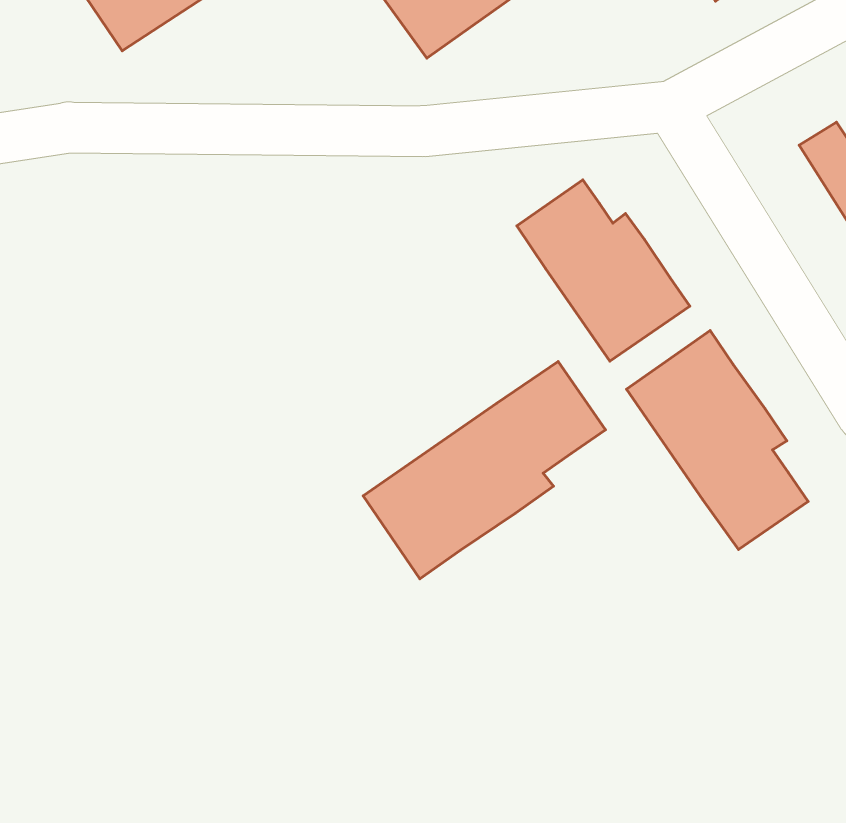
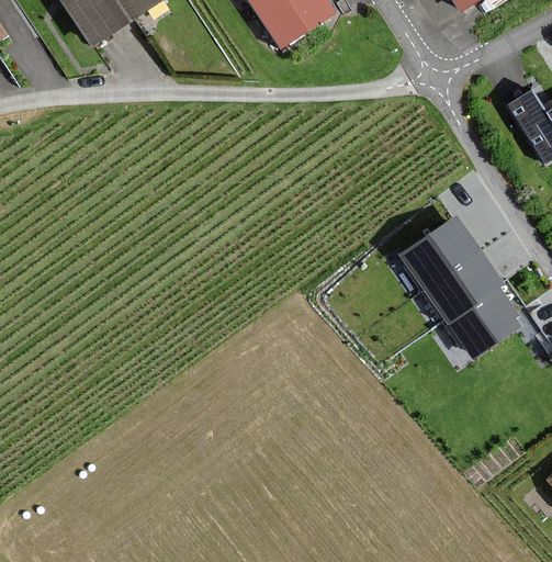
building: [517,180,690,361] -> none
building: [363,362,605,579] -> none

